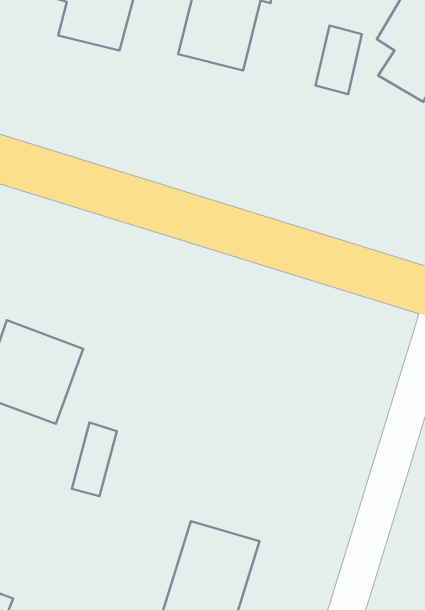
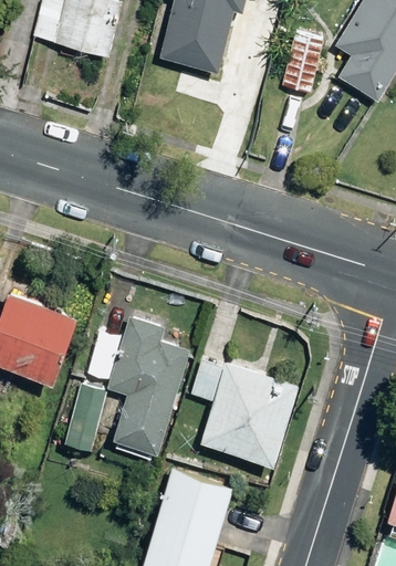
building: none -> [107,318,190,457]
building: none -> [200,363,298,468]

